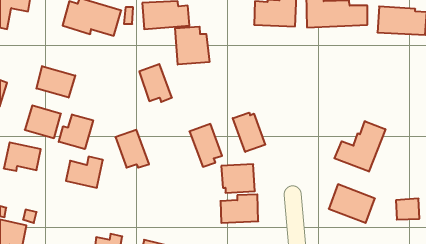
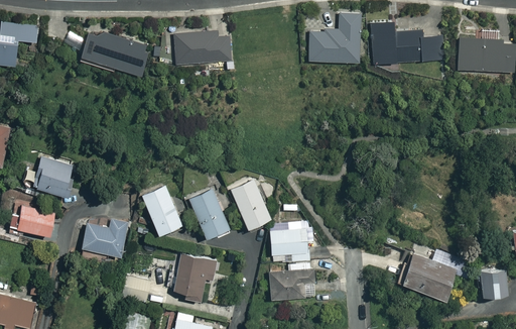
building: [175,27,209,65] -> none
building: [139,64,172,102] -> [190,191,230,236]
building: [36,66,75,98] -> none
building: [233,113,265,152] -> none
building: [59,114,93,149] -> none
building: [334,121,385,172] -> none
building: none -> [174,253,220,300]

